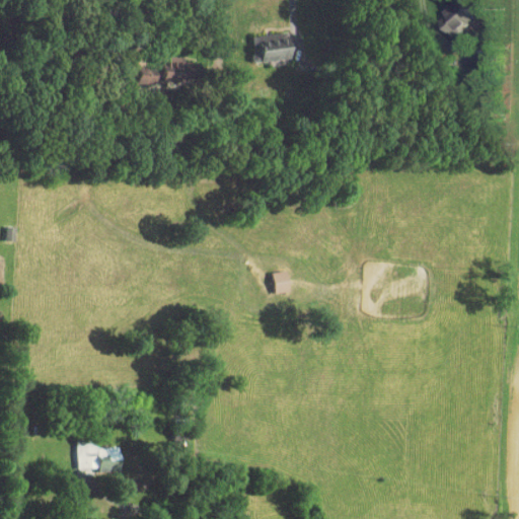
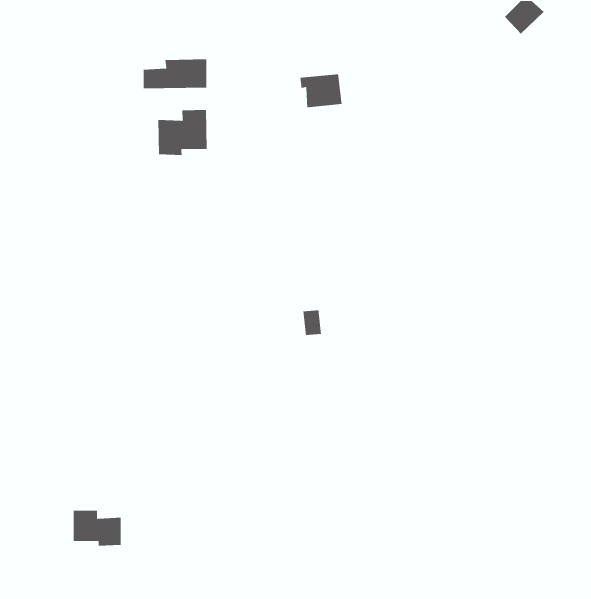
building: [252,33,289,63] -> [300,73,342,108]
building: none -> [158,109,208,156]

